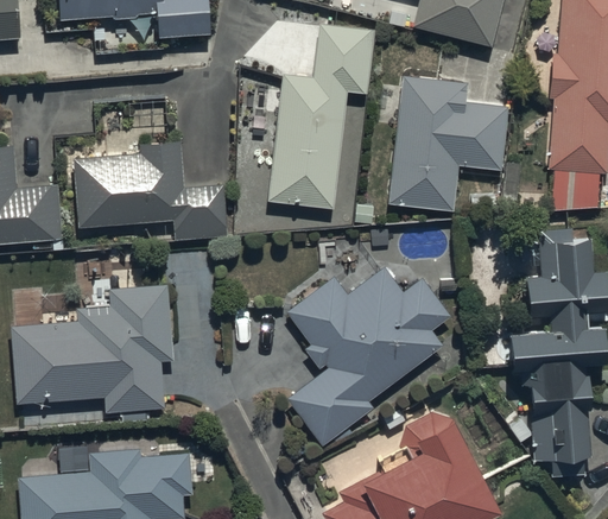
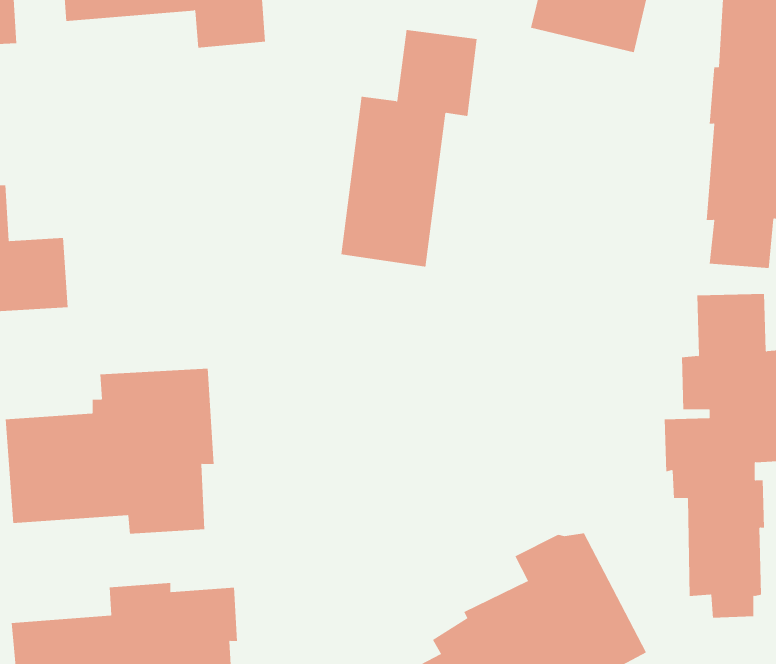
building: [390,75,506,213] -> none
building: [75,140,226,240] -> none
building: [286,267,448,443] -> none

